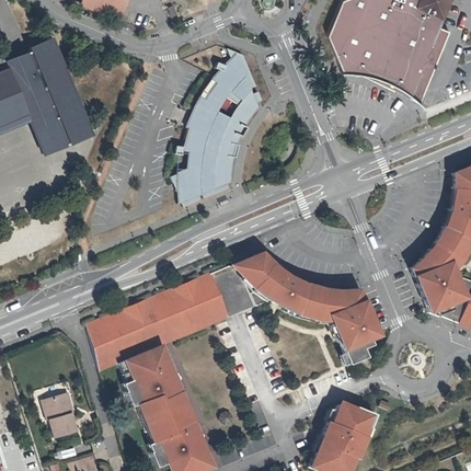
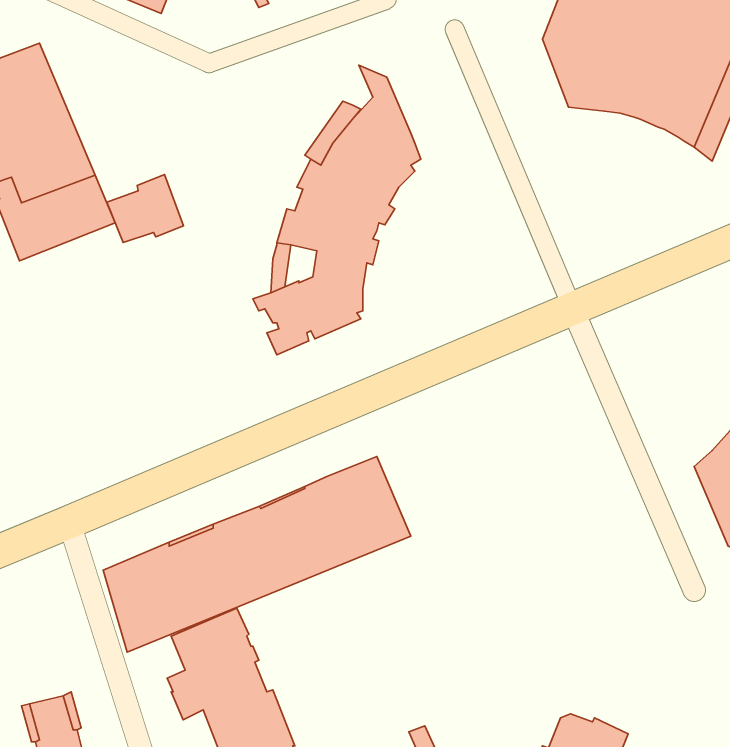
building: none -> [107,175,183,243]
building: [239,252,379,364] -> none

